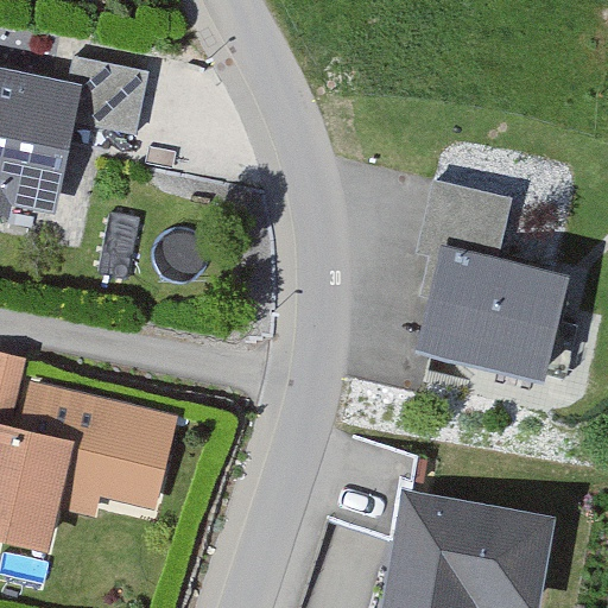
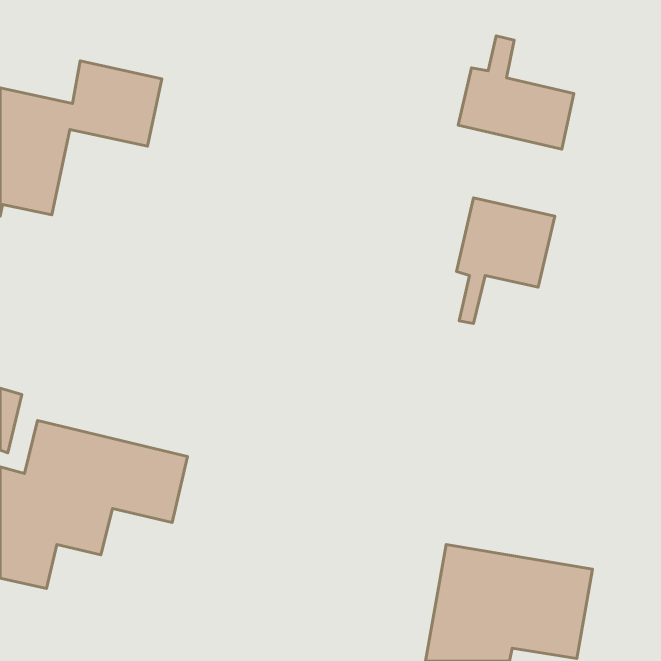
building: none -> [458,36,574,149]
building: [424,253,562,373] -> none

